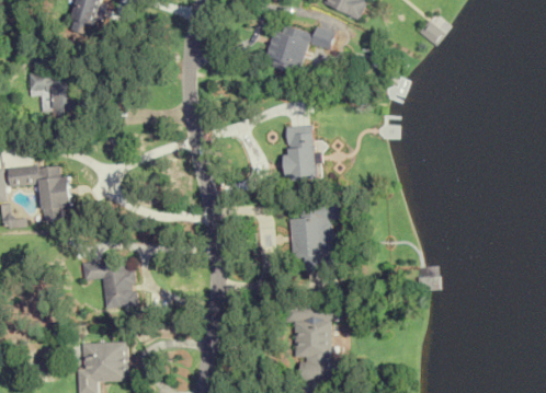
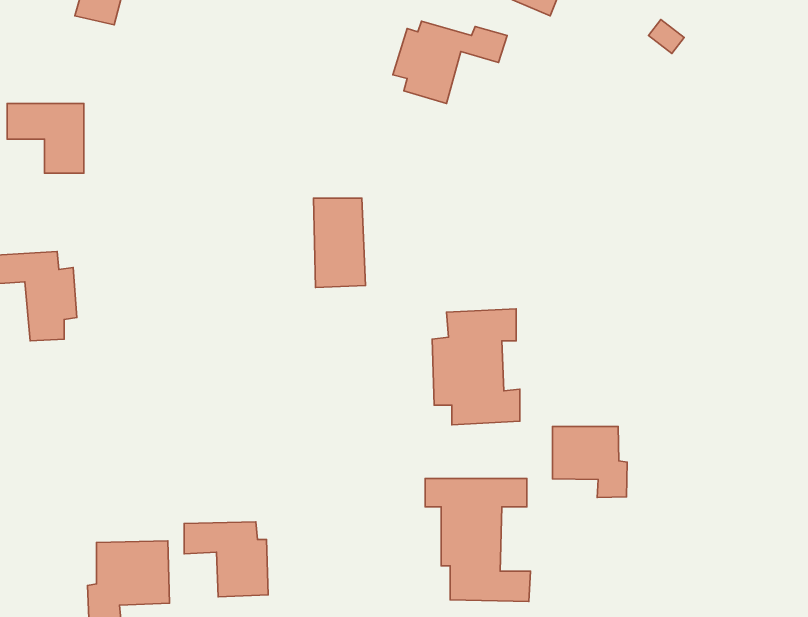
building: [285,125,317,180] -> [314,198,365,287]
building: [83,259,135,305] -> [184,522,268,597]
building: none -> [552,426,627,497]

